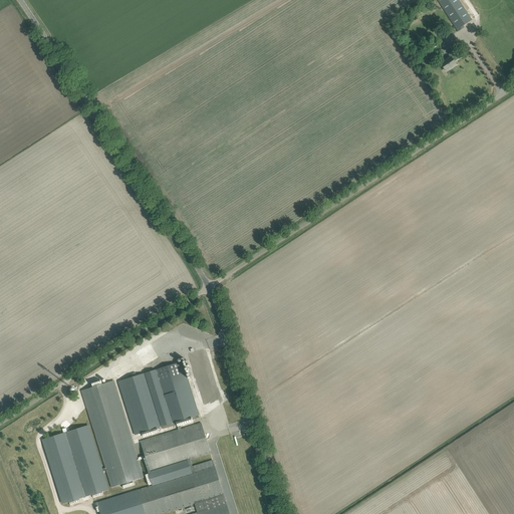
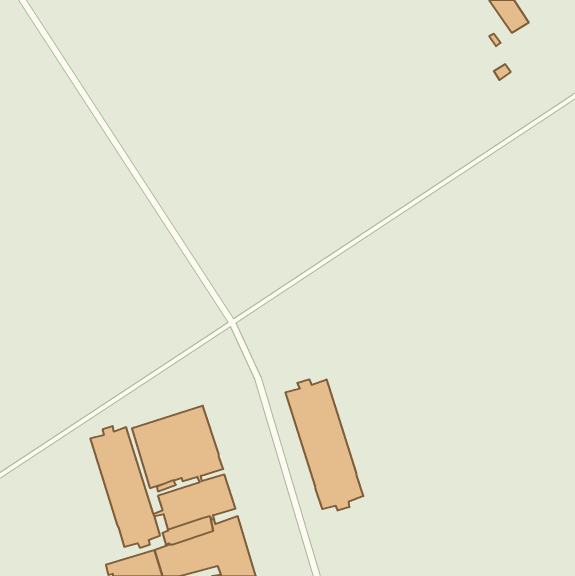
building: none -> [286,379,363,511]
building: [42,426,107,505] -> none

